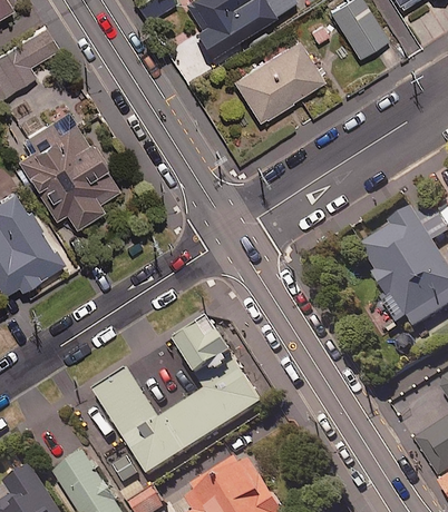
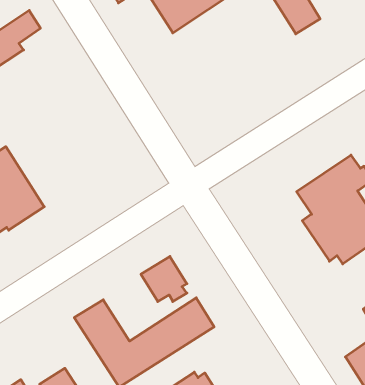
building: [233,39,324,122] -> none
building: [19,110,123,228] -> none

